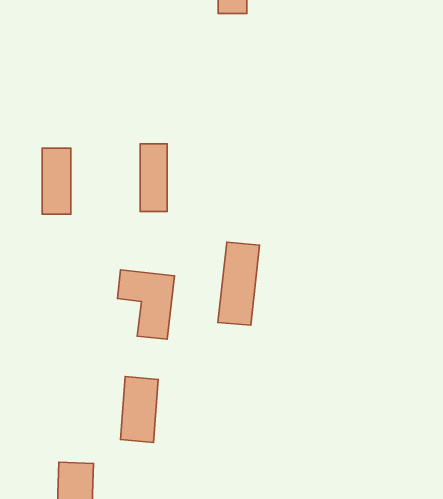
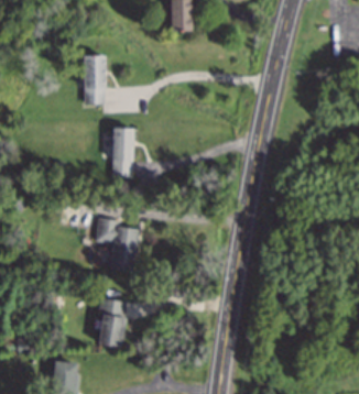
building: [42,148,71,214] -> [85,55,106,103]
building: [218,242,260,325] -> none

